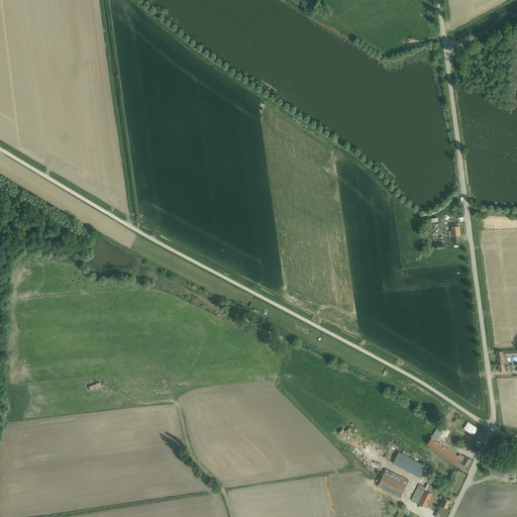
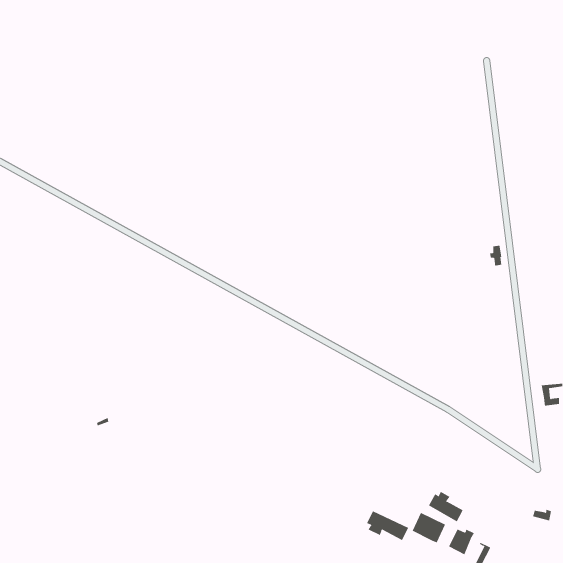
building: [426,430,470,473] -> none
building: none -> [366,510,409,541]

